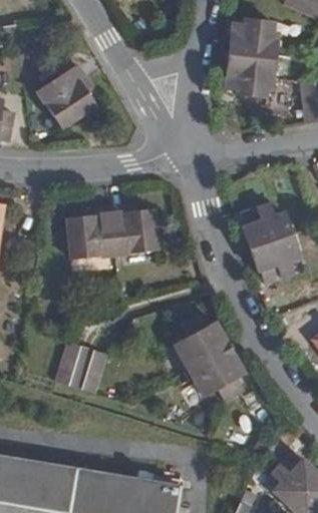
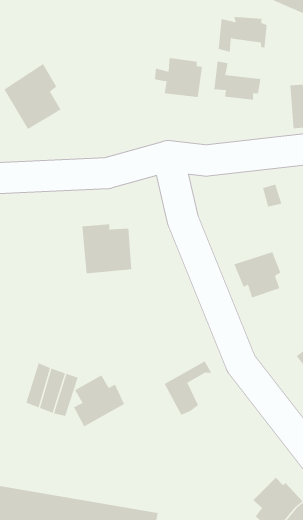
building: [235,37,281,75] -> [154,57,203,98]
building: [243,208,288,250] -> none
building: [66,214,110,263] -> none
building: [175,314,224,364] -> [73,374,125,427]
building: [208,354,244,404] -> none

